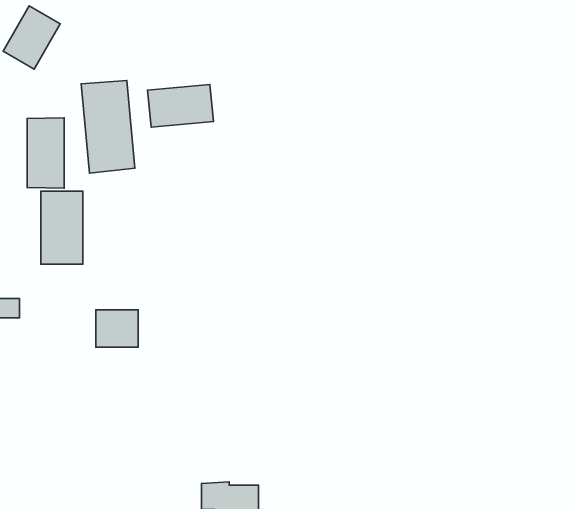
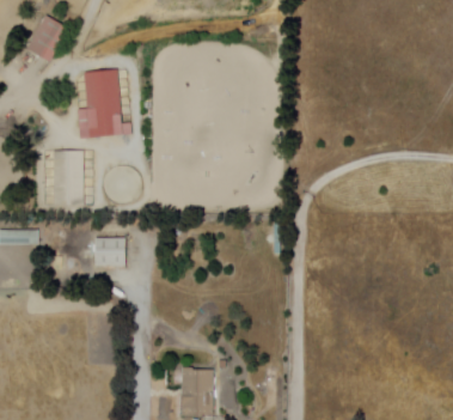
building: [148,85,213,127] -> none
building: [27,118,64,188] -> none

